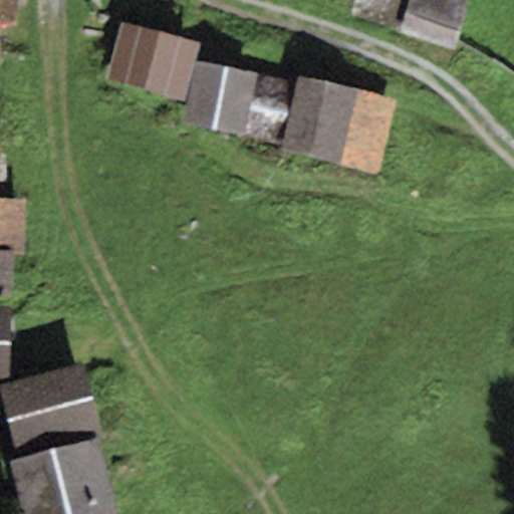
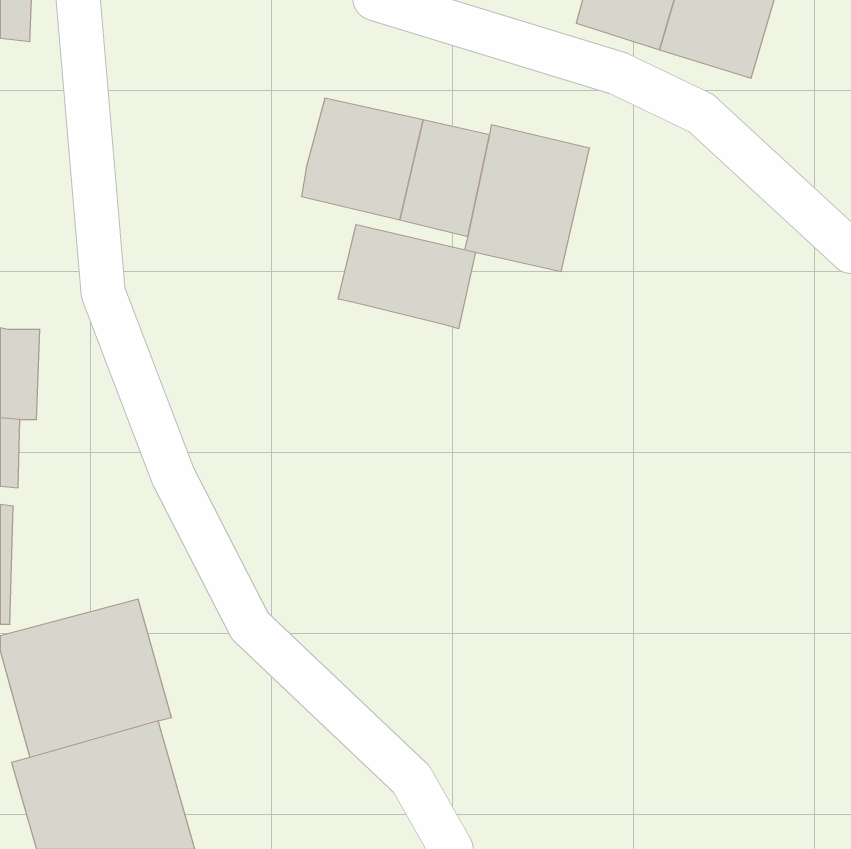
building: [104,21,200,100] -> none
building: [338,89,396,173] -> none
building: none -> [338,224,476,329]

